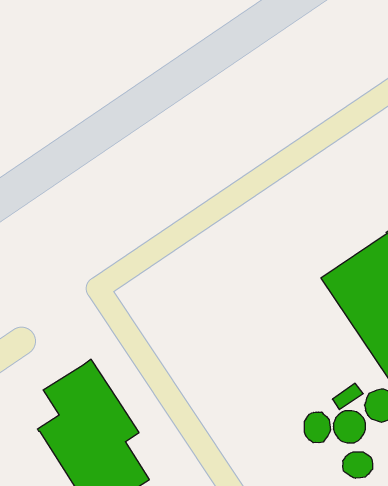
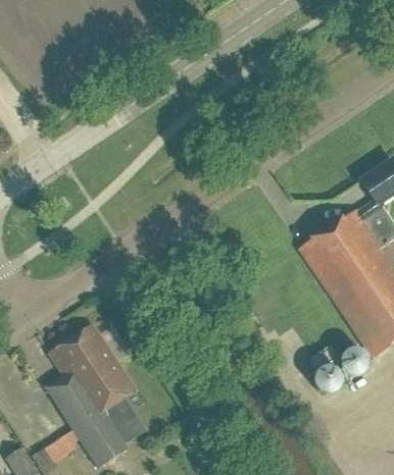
building: [304,412,330,443] -> none
building: [343,452,373,478] -> none

